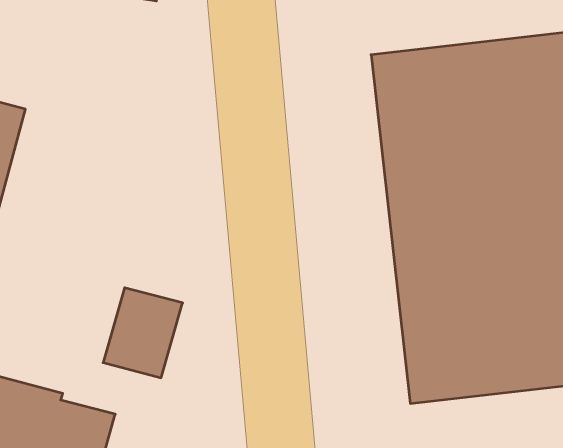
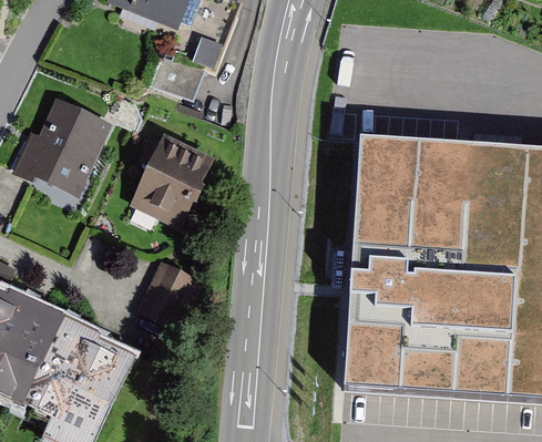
building: none -> [126,135,209,228]

